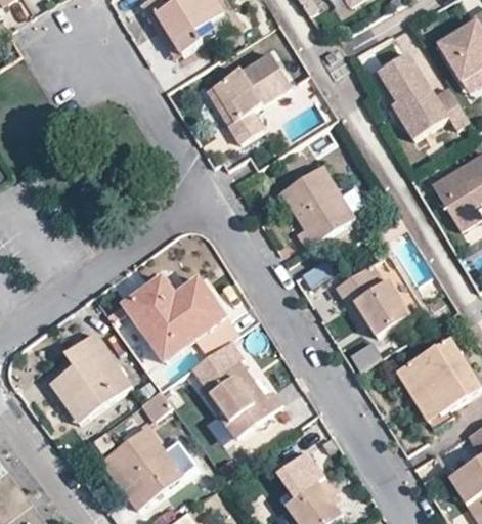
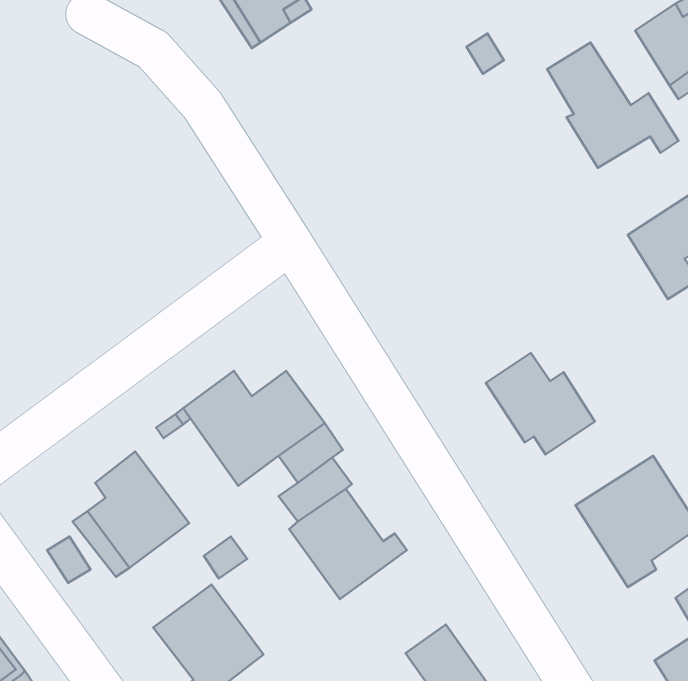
building: [208,51,291,142] -> none
building: [279,166,353,247] -> none

